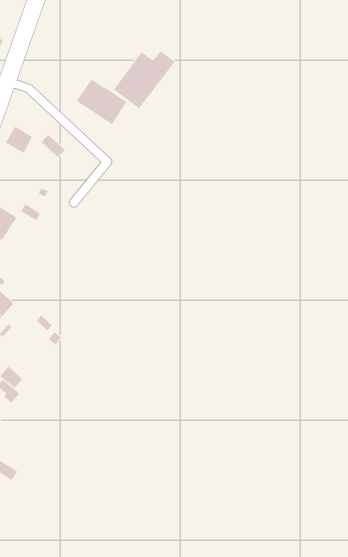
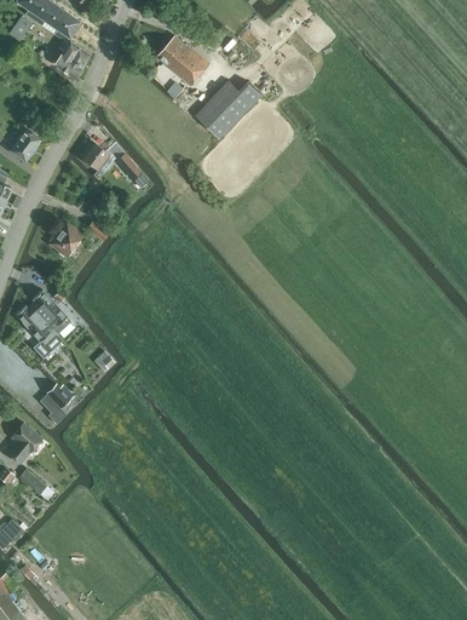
building: [76,79,127,125] -> [156,36,208,86]

